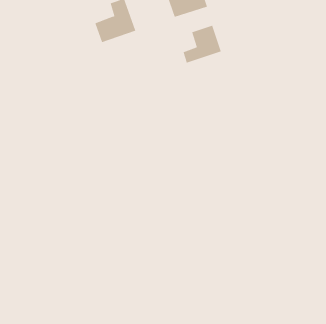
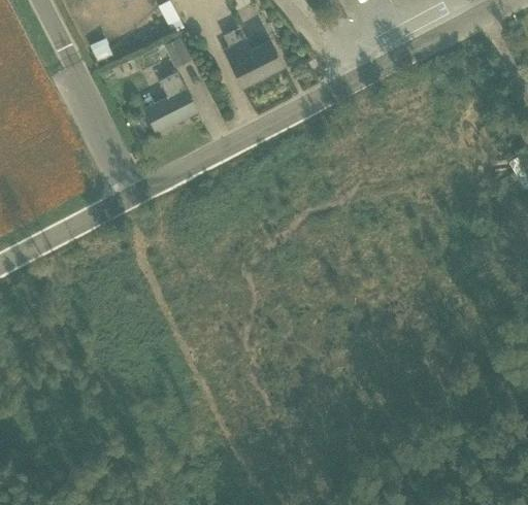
building: [183,25,222,63] -> none

